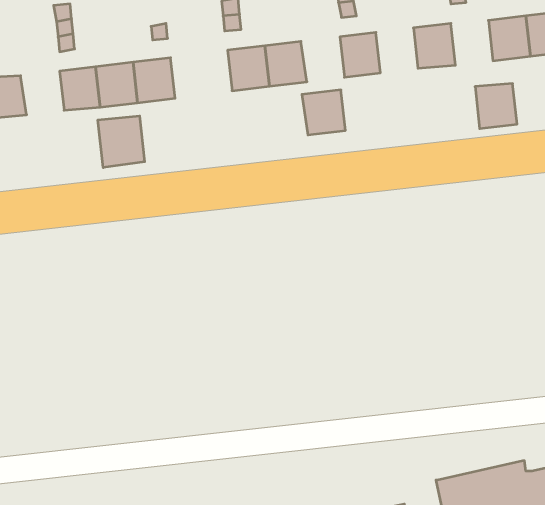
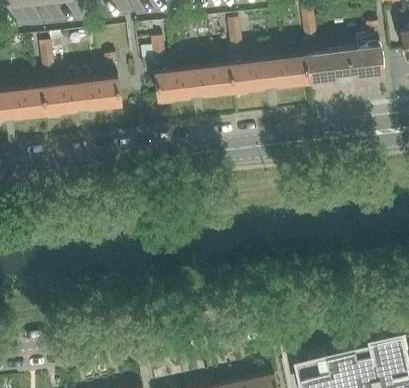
building: none -> [255,56,283,86]
building: none -> [18,84,47,114]
building: [475,84,517,129] -> [305,51,333,81]
building: [302,90,345,135] -> [205,62,234,92]
building: [98,116,145,168] -> none

